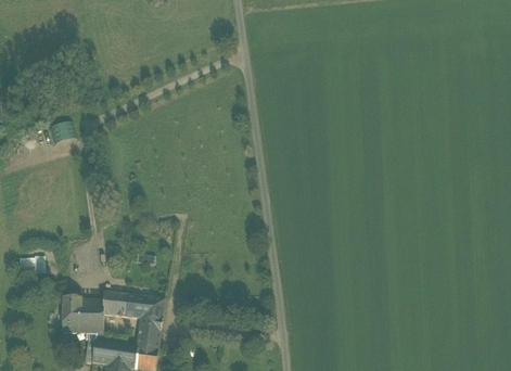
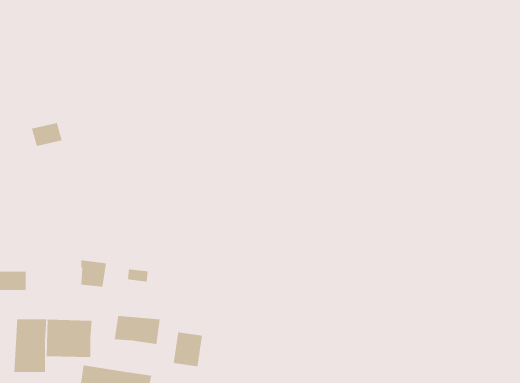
building: [102,291,126,316] -> [80,260,107,287]
building: none -> [14,318,47,373]
building: [135,317,162,348] -> [173,332,203,367]

